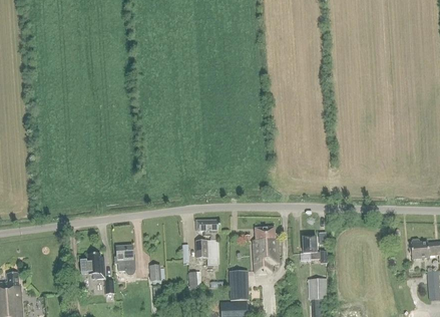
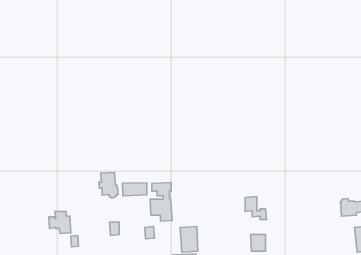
building: none -> [123,183,147,196]
building: [253,227,279,272] -> none
building: [113,245,135,274] -> [99,172,118,198]

